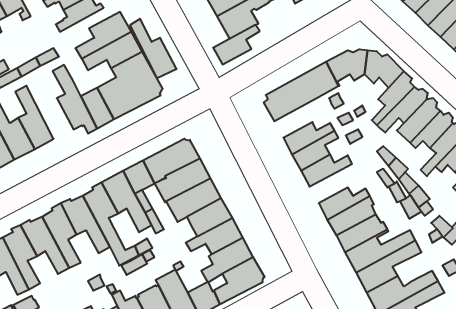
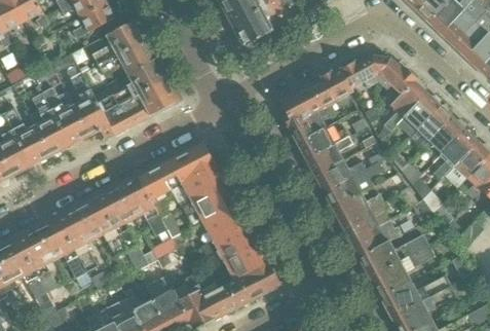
building: [130,19,177,78] -> [43,85,89,144]
building: [213,25,260,64] -> [288,104,334,143]
building: none -> [323,161,382,208]

